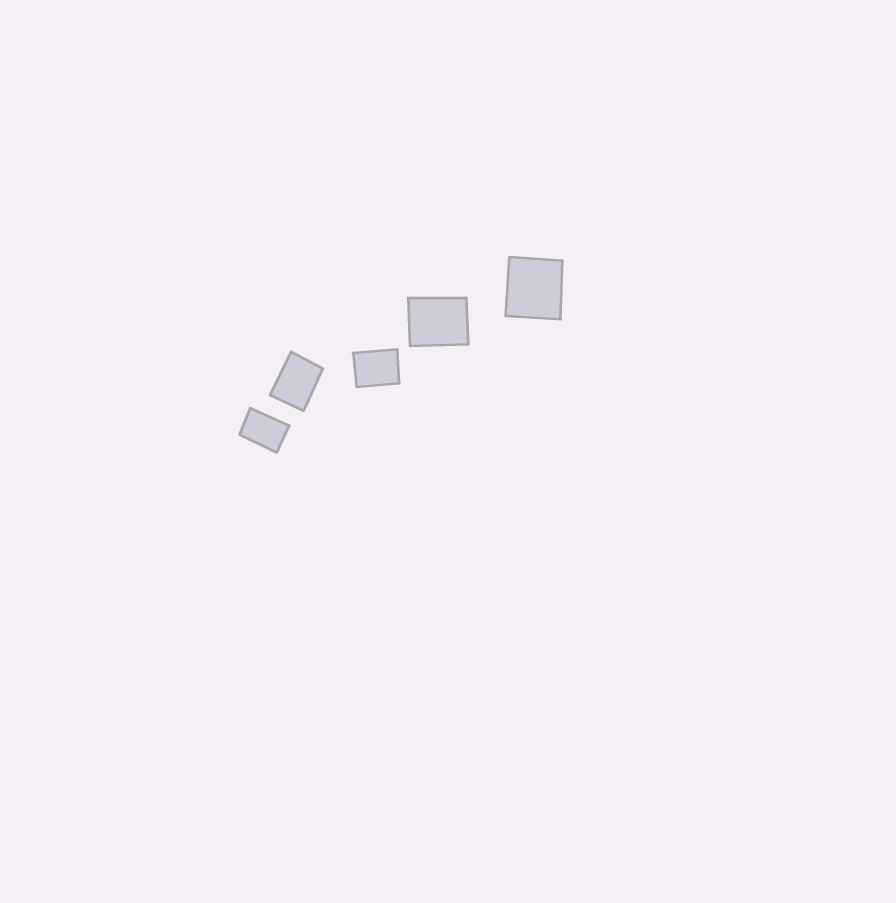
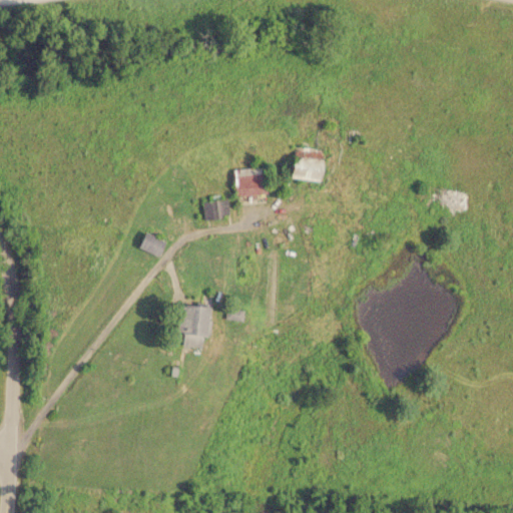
building: [270,352,323,411] -> none
building: none -> [176,305,209,350]

